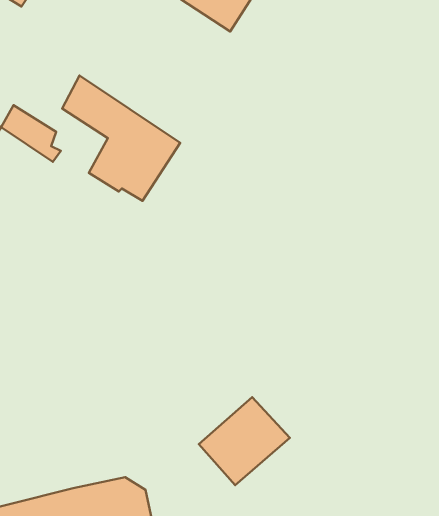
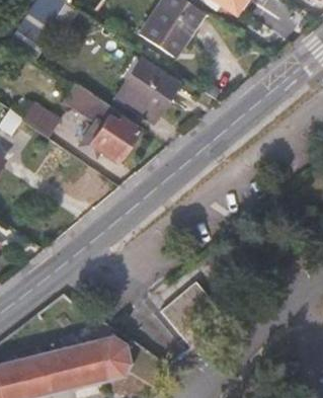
building: none -> [117,61,183,117]

